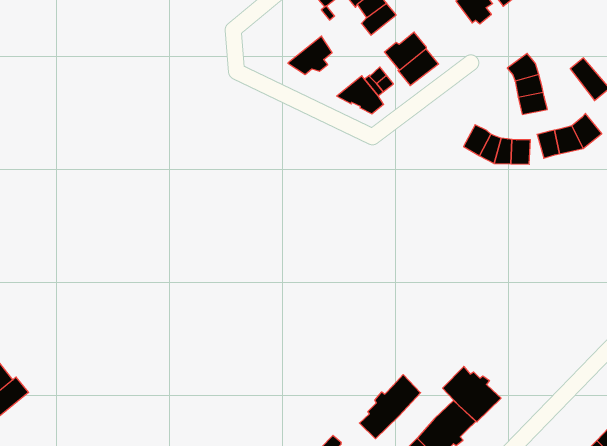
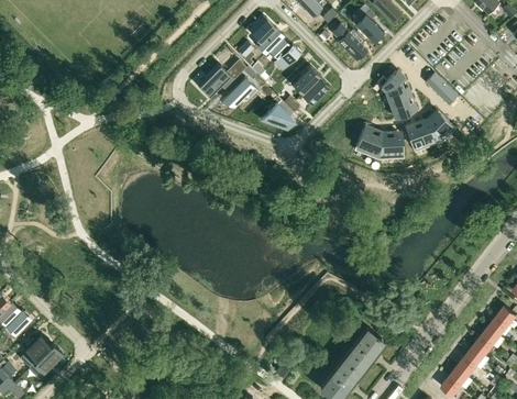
building: none -> [199,60,246,98]
building: [443,366,501,422] -> none
building: [359,375,421,439] -> none

